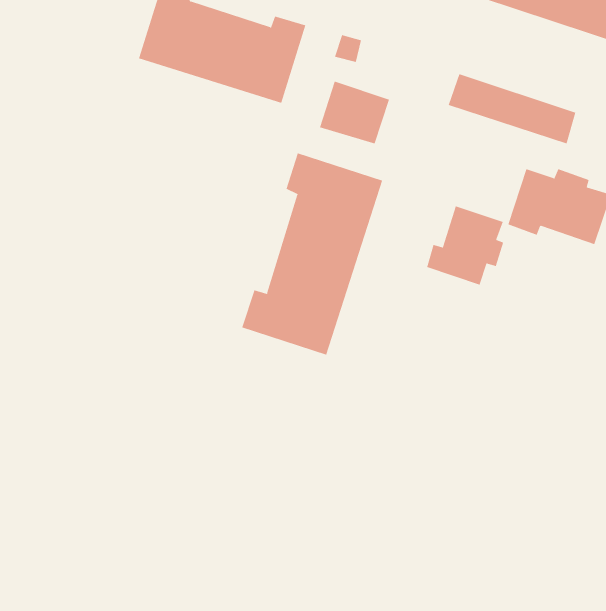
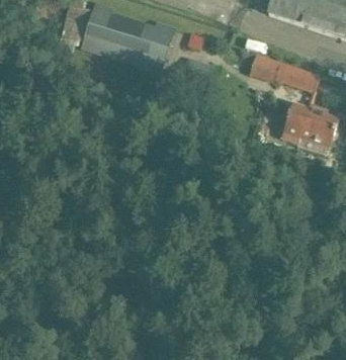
building: [241,153,383,355] -> none
building: [427,205,504,285] -> none

